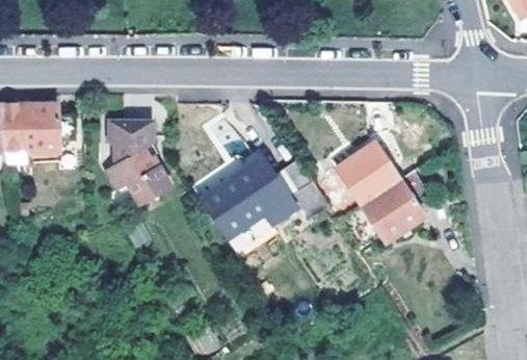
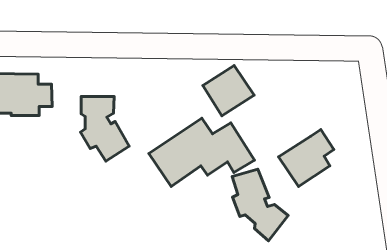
building: [336,142,400,205] -> [203,66,254,116]
building: none -> [232,169,288,241]

